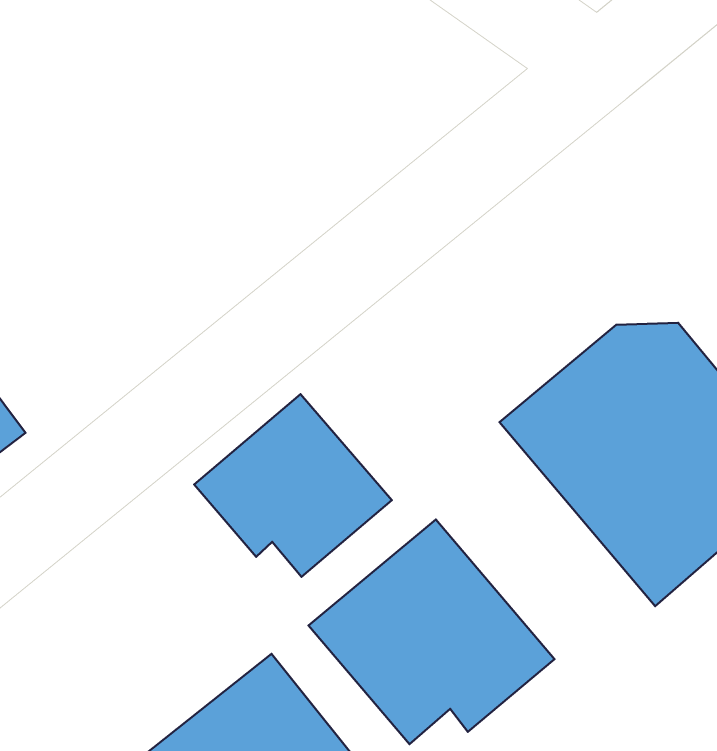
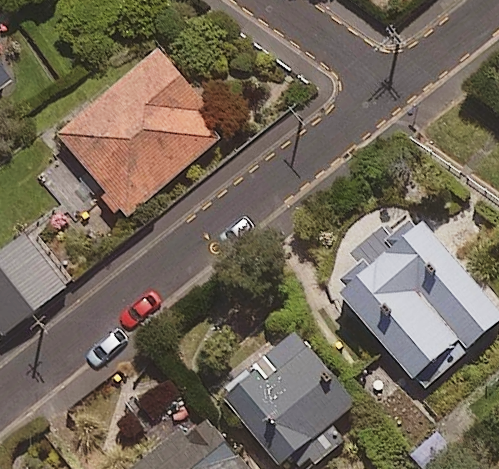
building: none -> [56,48,216,215]
building: [194,394,392,577] -> none

